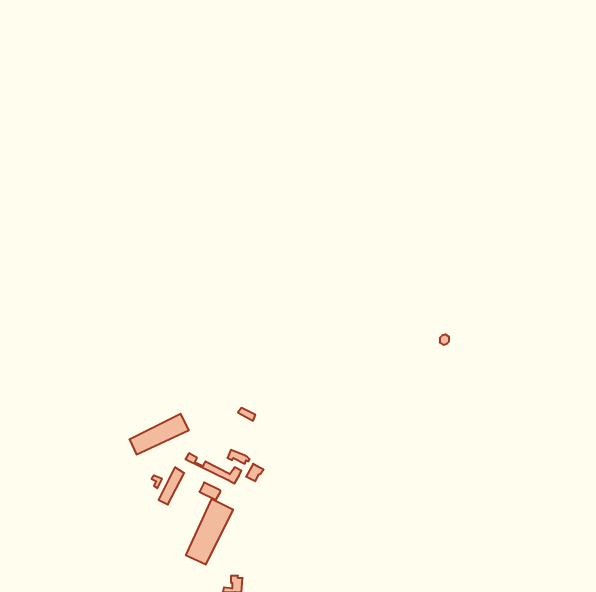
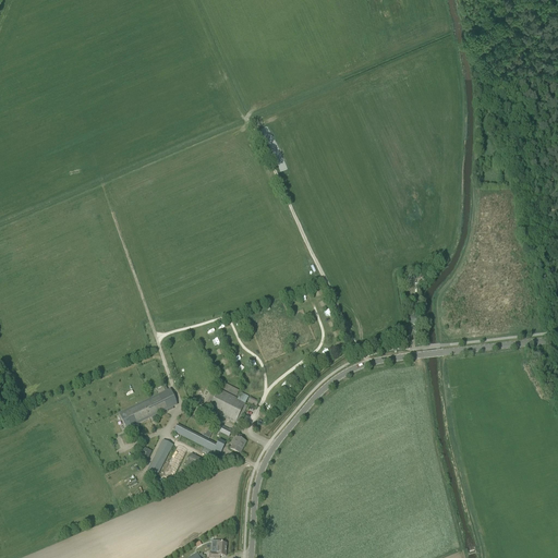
building: none -> [208,387,245,420]
building: [186,499,233,565] -> none

